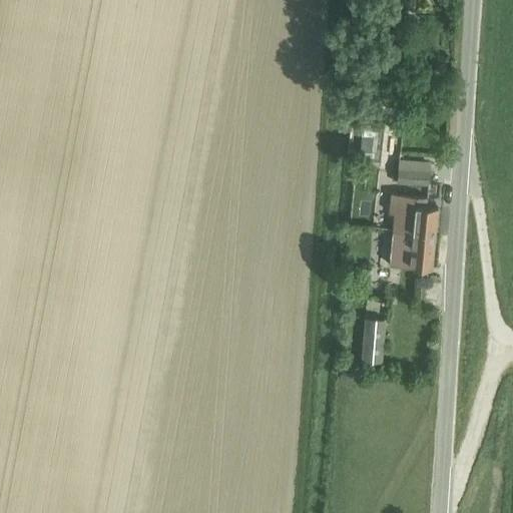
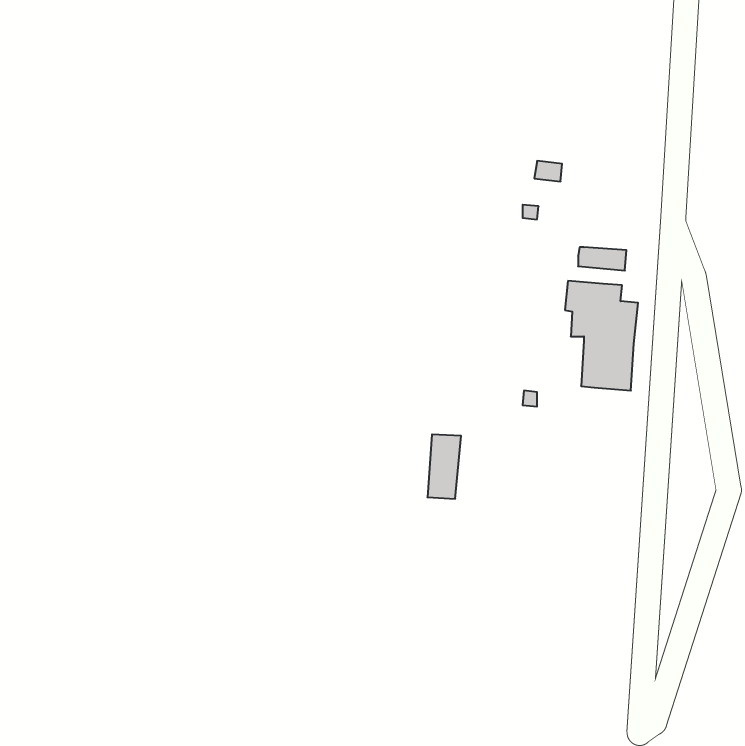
building: [361,317,384,361] -> [427,434,461,499]

